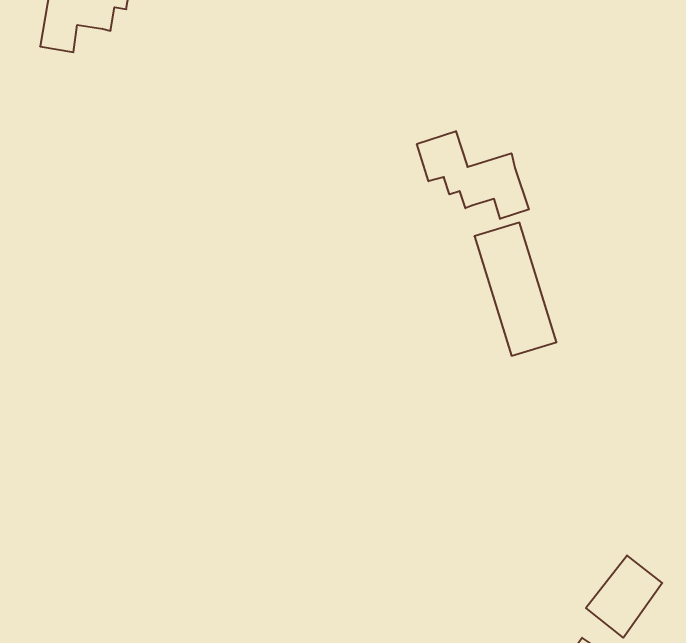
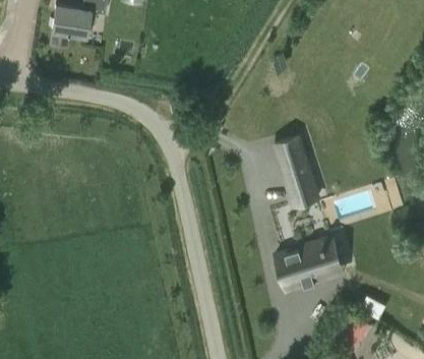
building: [417,131,529,219] -> none
building: none -> [278,238,345,288]

